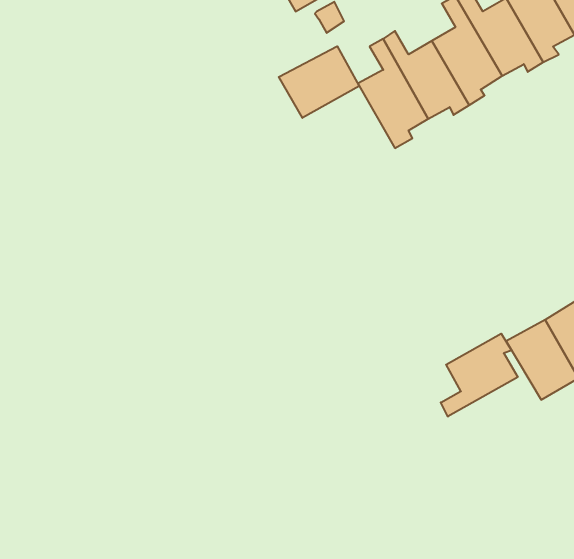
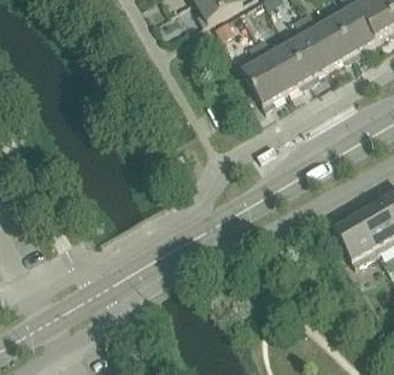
building: [279,46,359,118] -> none
building: [441,334,518,417] -> none

